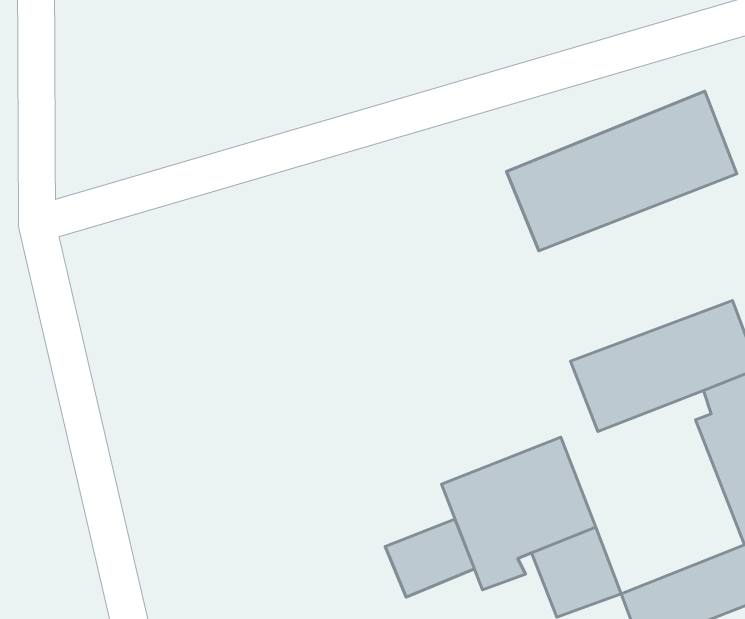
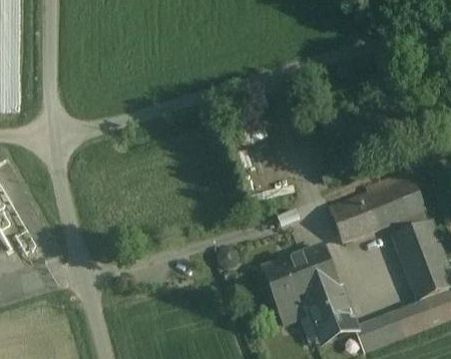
building: [507,91,737,251] -> none
building: [385,519,474,597] -> none

